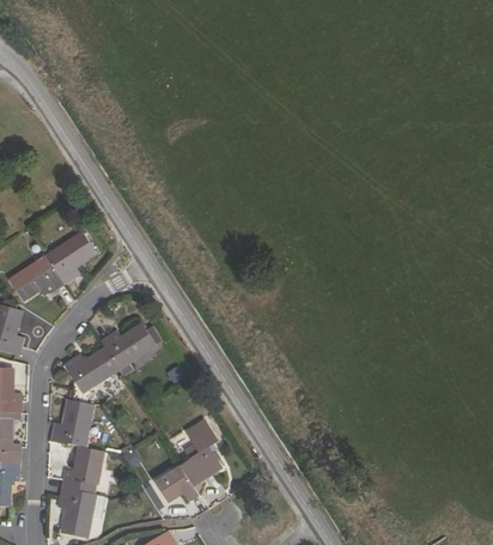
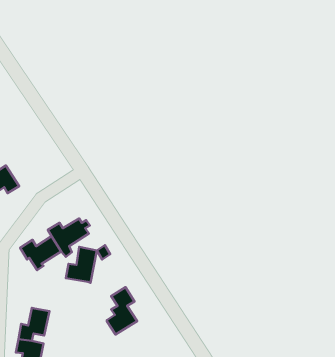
building: [45,232,96,284] -> none
building: [50,400,92,448] -> [66,247,97,283]
building: [156,465,201,502] -> none

